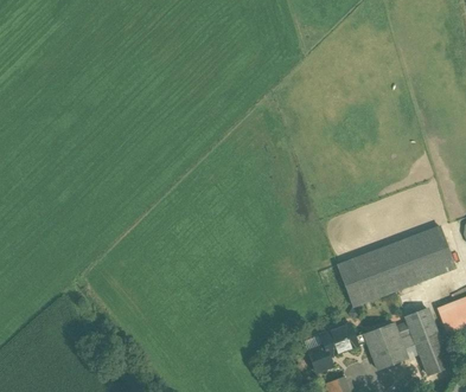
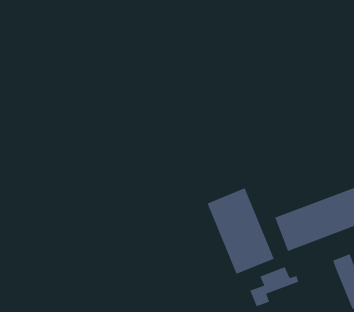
building: none -> [206,187,275,275]
building: [363,322,411,371] -> none

